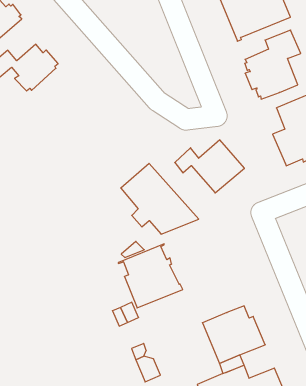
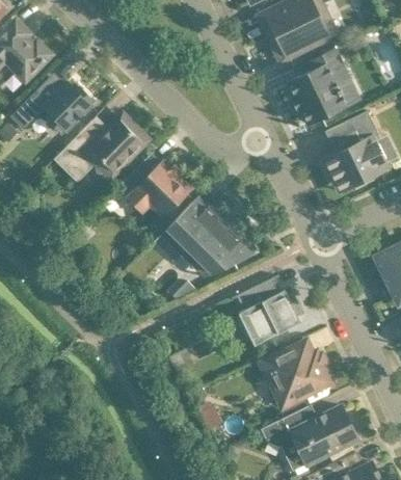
building: none -> [56,117,146,179]
building: [175,140,244,193] -> [118,161,192,217]
building: [118,244,183,308] -> [233,275,302,345]

